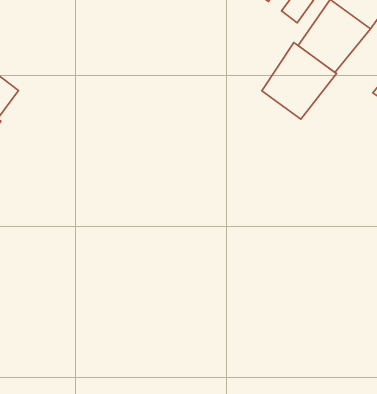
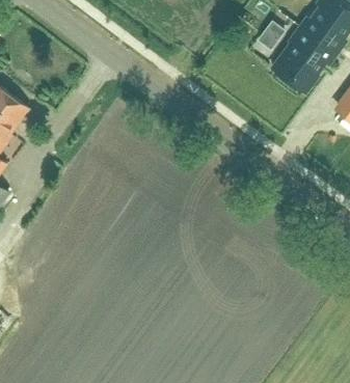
building: [262,42,336,119] -> none

